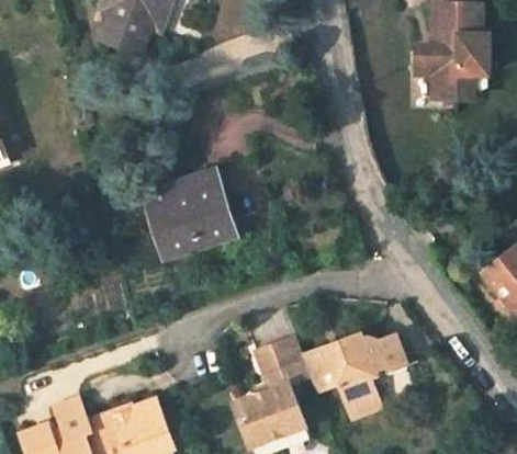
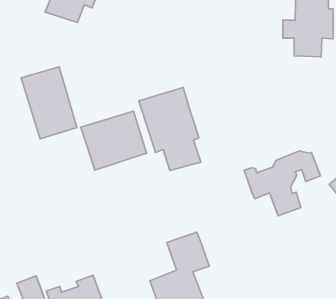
building: none -> [21,67,77,139]
building: none -> [139,87,201,171]
building: [307,328,411,416] -> [244,151,320,216]

